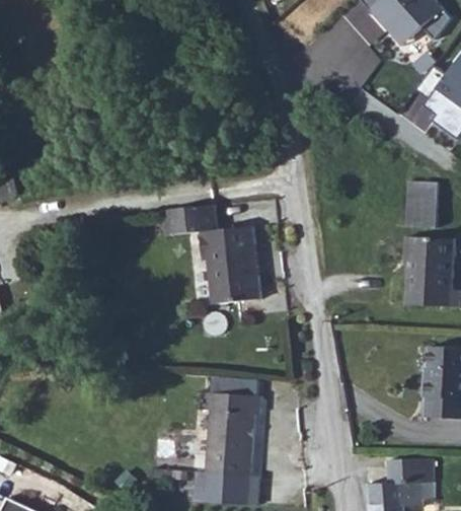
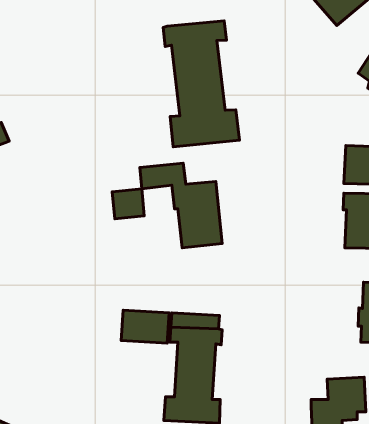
building: none -> [163,21,240,147]
building: none -> [112,189,144,219]
building: none -> [121,310,169,343]

